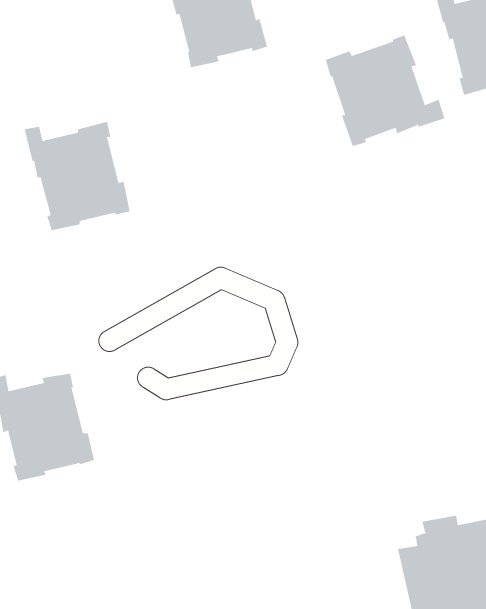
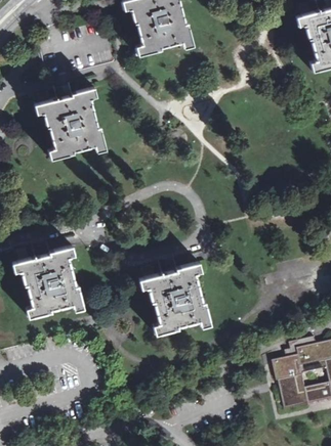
building: [325,35,445,147] -> none
building: none -> [141,265,209,334]

